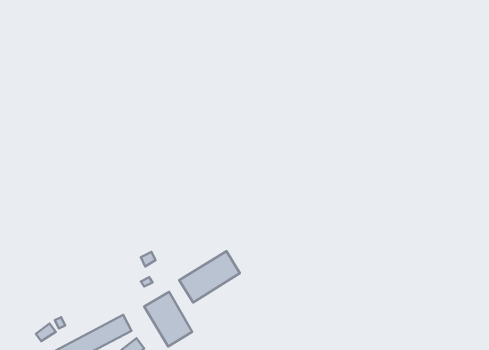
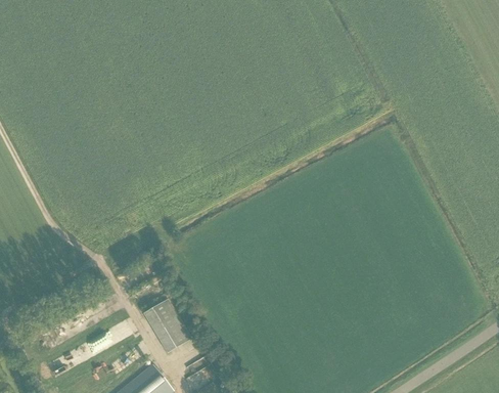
building: [179,251,240,302] -> none

